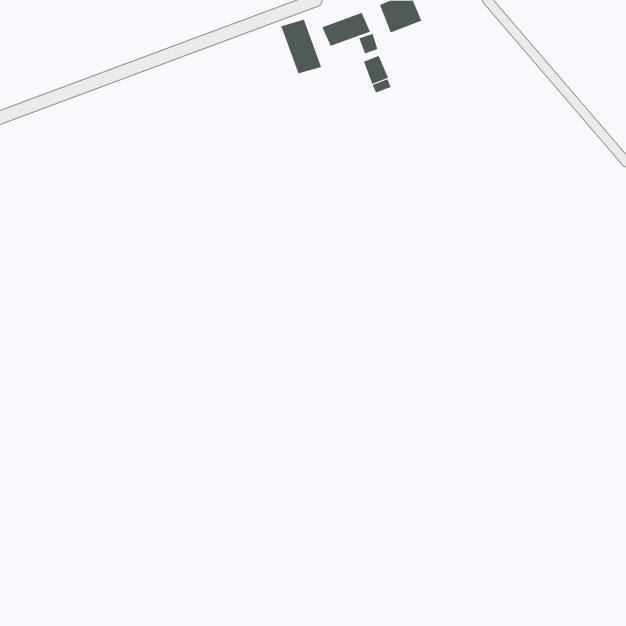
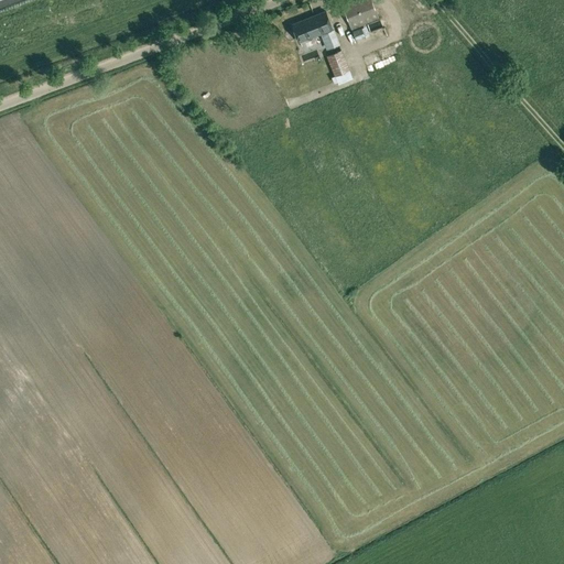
building: [280,19,322,74] -> none

